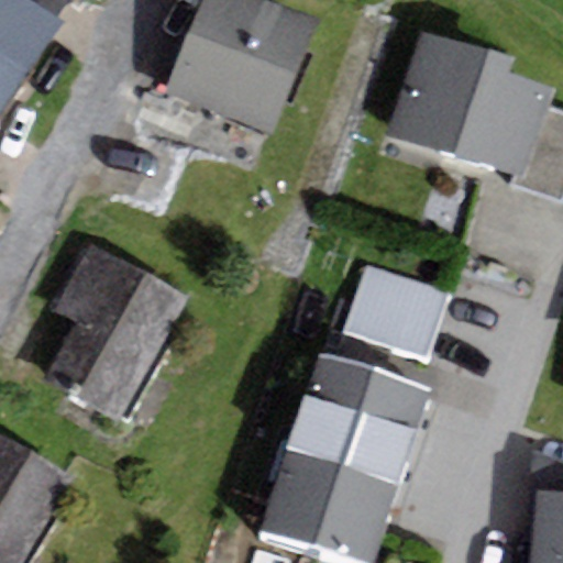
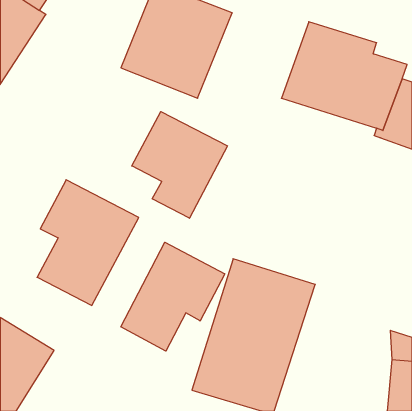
building: none -> [132,112,227,218]
building: [341,268,446,358] -> none
building: none -> [121,242,225,351]

